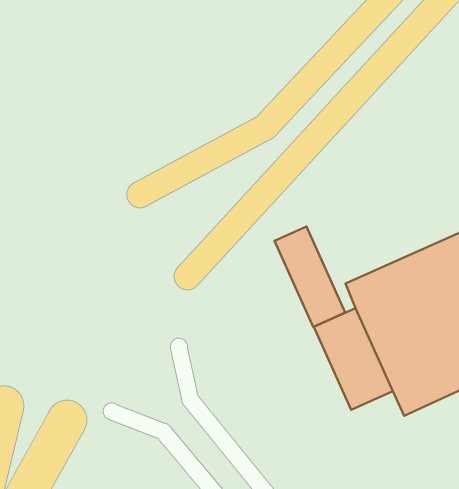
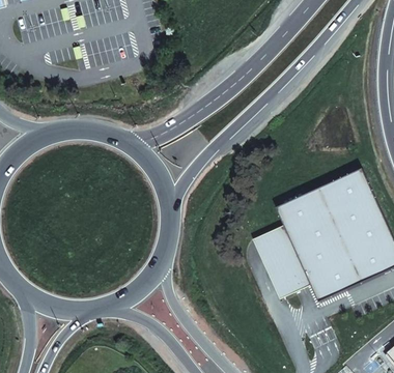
building: [275,226,345,327] -> none

